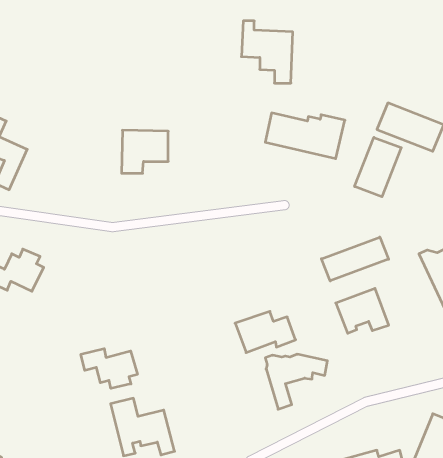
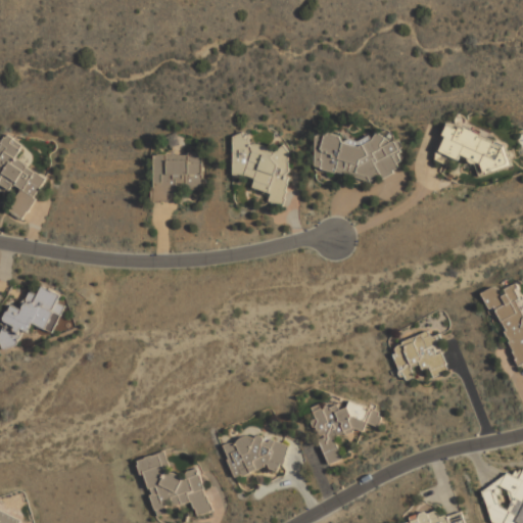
building: [241,21,293,83] -> [231,135,288,204]
building: [355,137,401,197] -> none
building: [321,237,389,281] -> none
building: [235,311,296,353] -> [223,432,290,478]
building: [81,349,137,388] -> none

